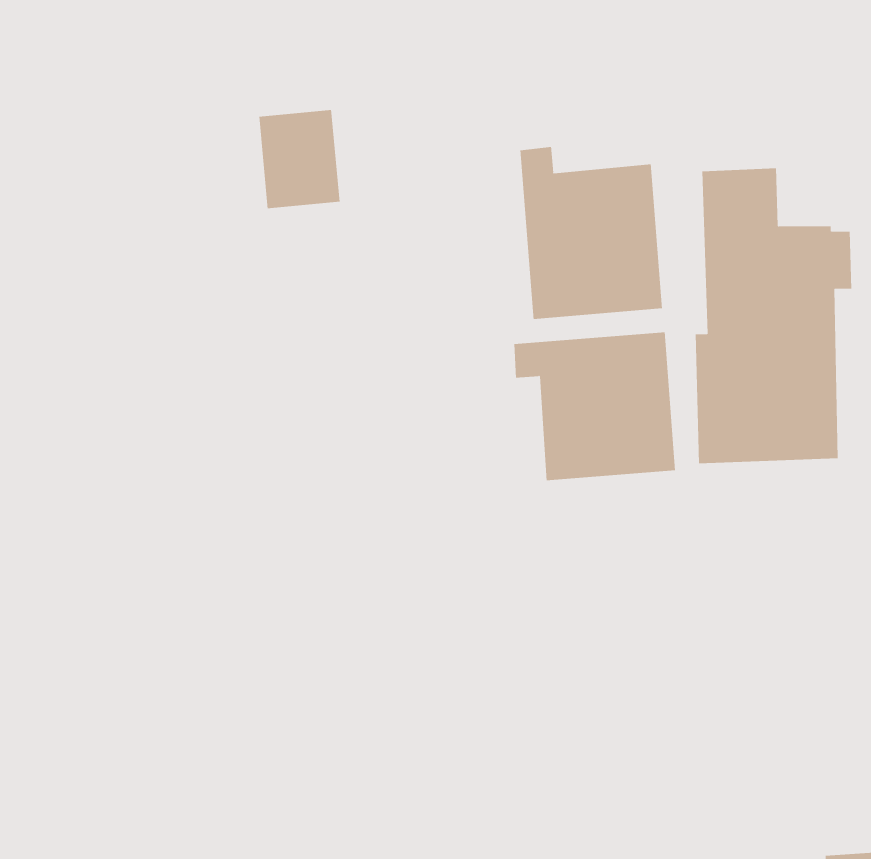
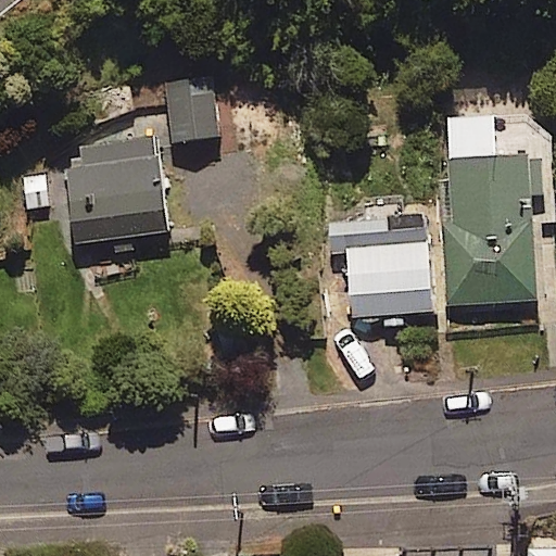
building: [520,146,663,320] -> none
building: none -> [66,143,167,247]

